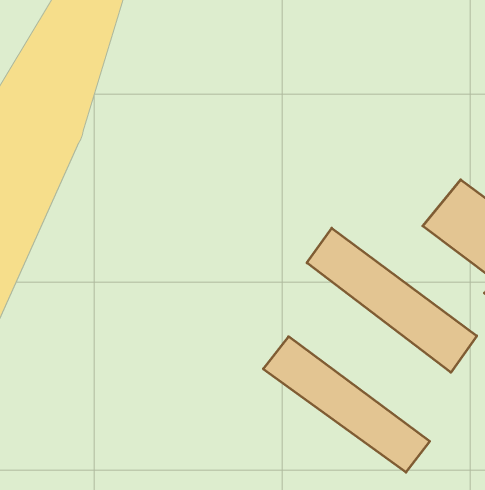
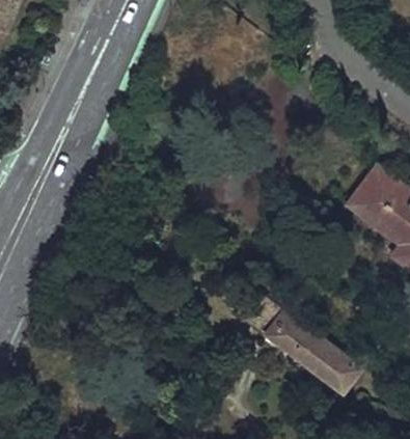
building: [307,228,477,372] -> none

